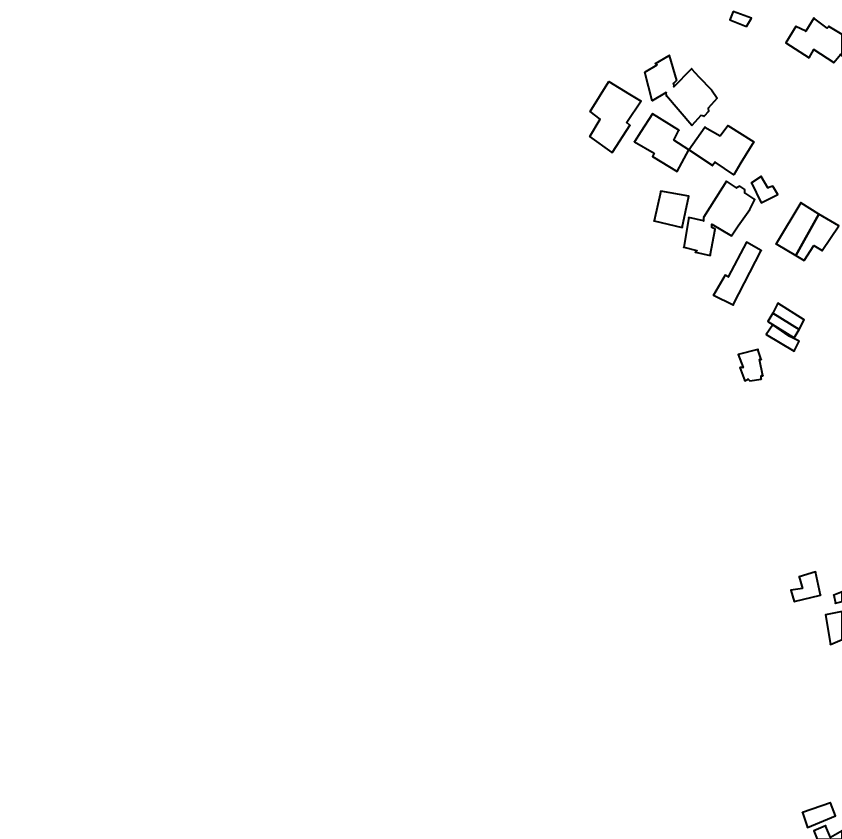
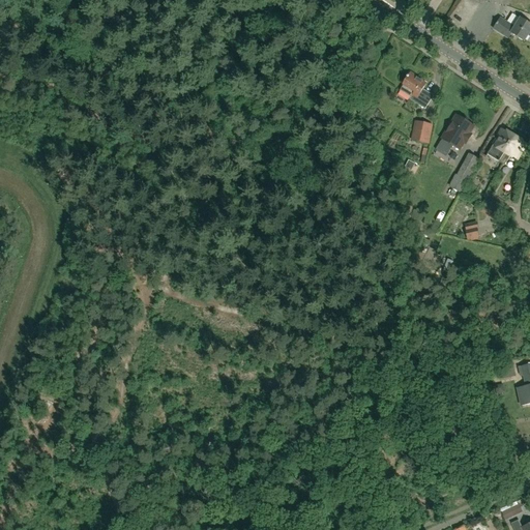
building: [645,55,717,125] -> none
building: [590,82,641,153] -> none
building: [689,126,754,175] -> none

